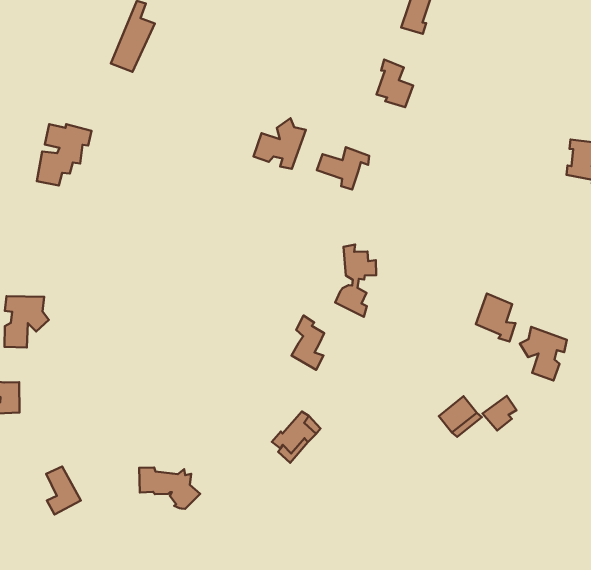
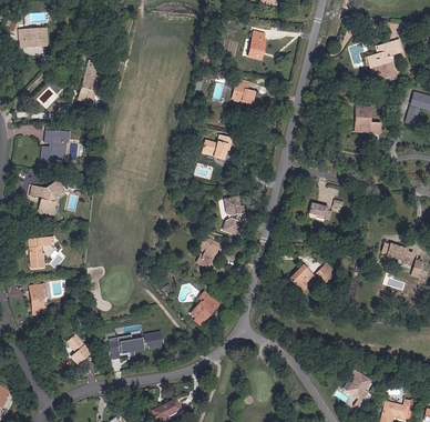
building: [253,118,306,169] -> none
building: none -> [38,187,62,218]
building: [520,327,567,380] -> none

